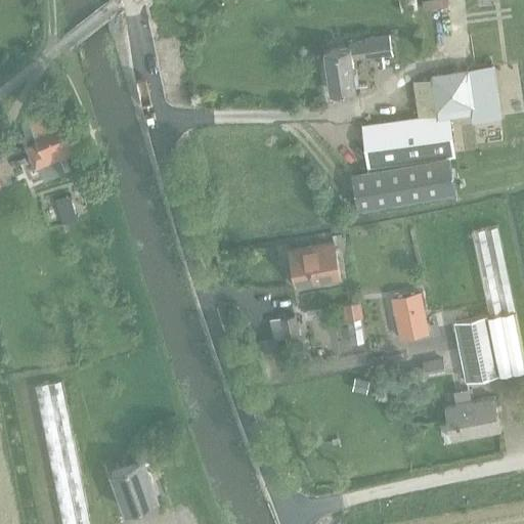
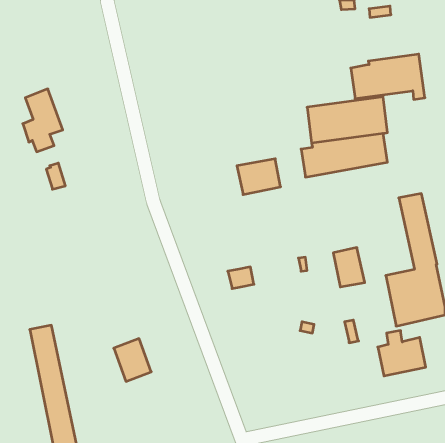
building: [324,35,392,96] -> none
building: [290,247,341,289] -> [237,159,281,195]
building: [113,464,157,514] -> [114,339,151,381]

